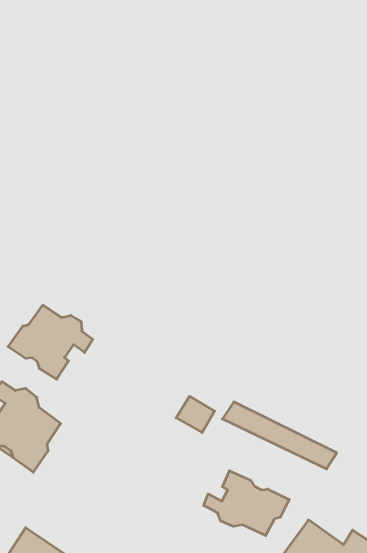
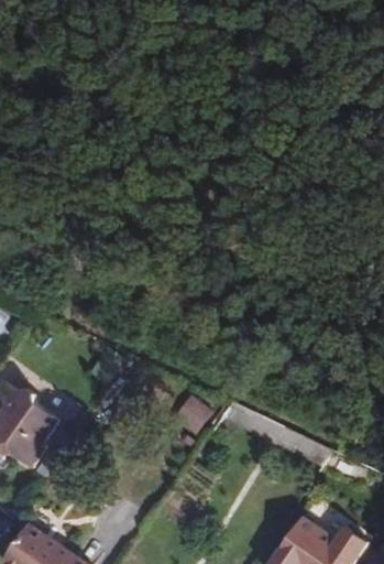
building: [8,305,93,379] -> none
building: [204,471,289,536] -> none

